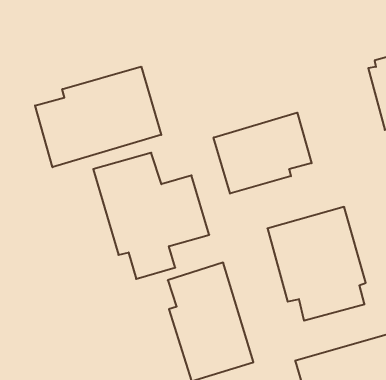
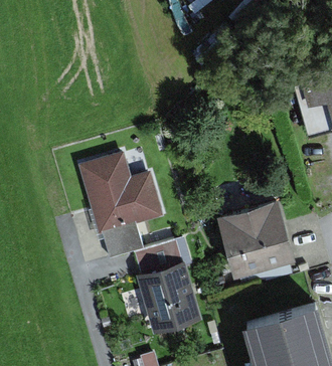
building: [35,67,161,167] -> none
building: [214,113,312,194] -> none

